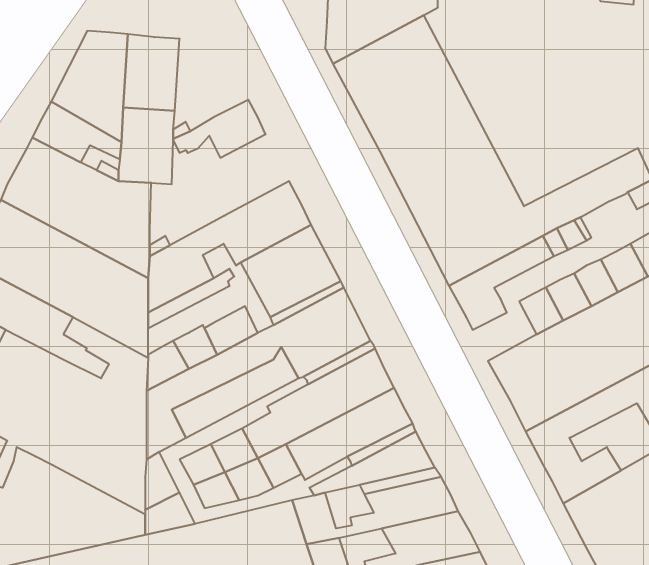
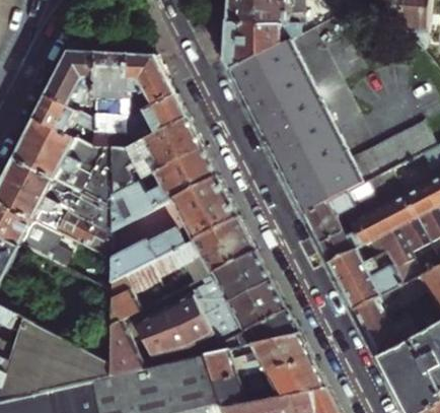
building: none -> [125,54,172,105]
building: none -> [108,116,199,178]
building: none -> [317,226,359,263]

